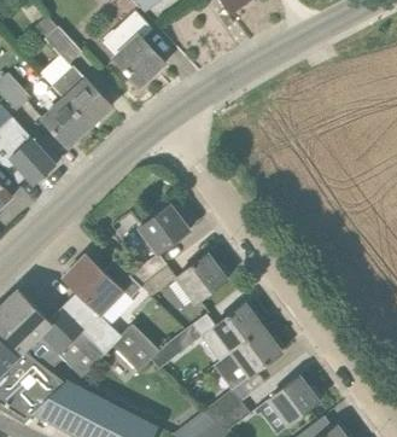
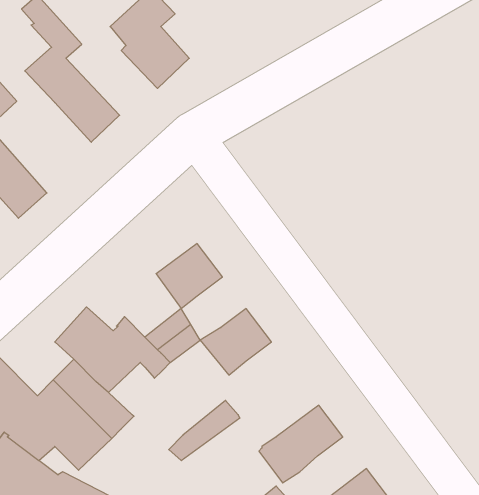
building: [41,97,89,146] -> none
building: [212,303,263,351] -> none
building: [112,322,159,371] -> none

